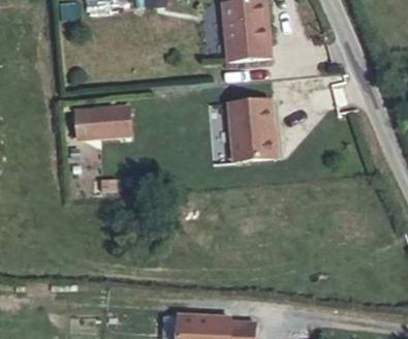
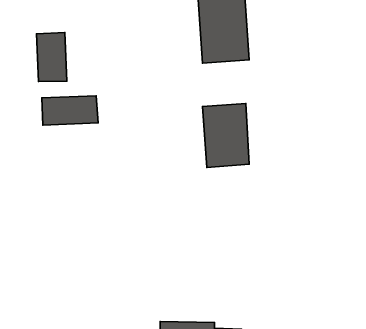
building: none -> [36,33,67,81]

